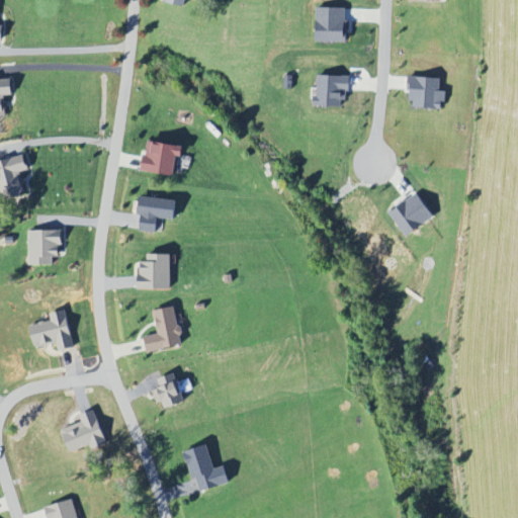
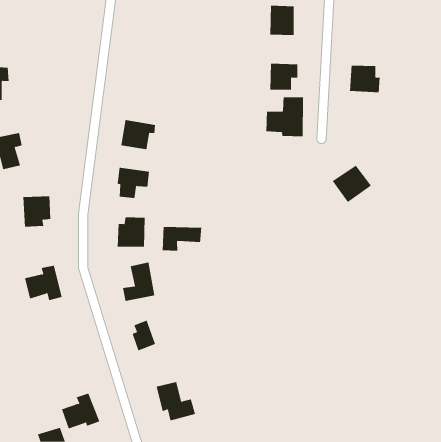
building: none -> [266,96,303,137]
building: none -> [162,226,202,251]
building: [61,410,106,452] -> [61,393,100,429]

